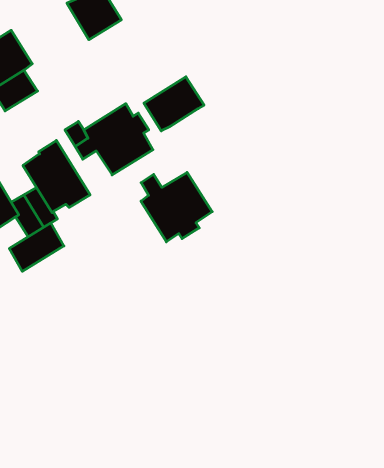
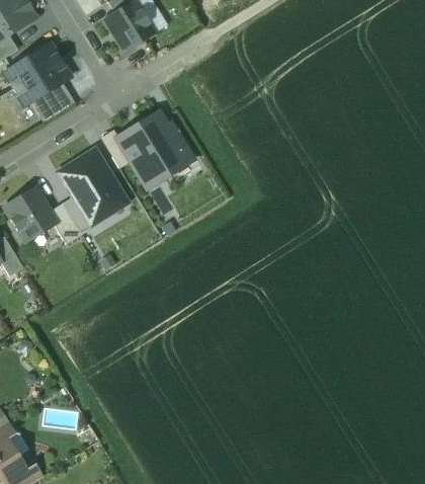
building: [144,77,204,131] -> none
building: [141,172,212,242] -> none
building: [9,223,64,271] -> none

